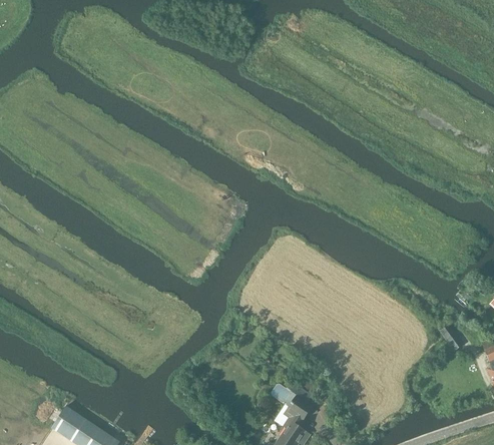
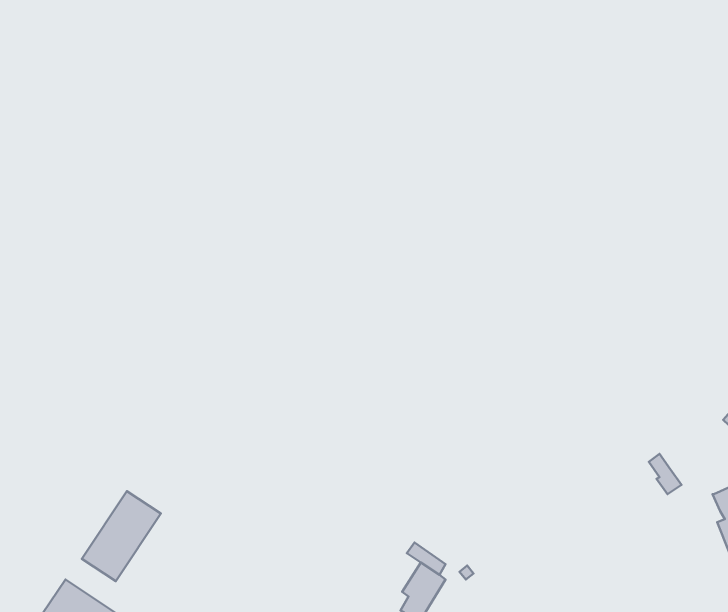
building: none -> [82,491,161,581]

